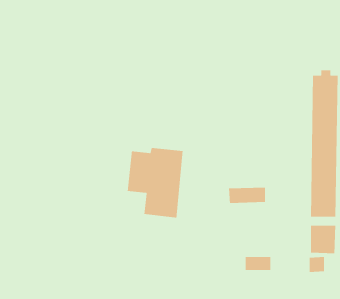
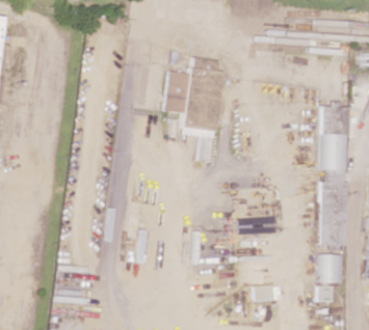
building: [127,147,184,219] -> [165,66,221,137]

